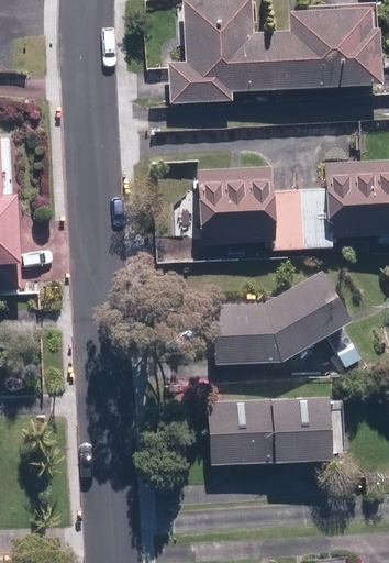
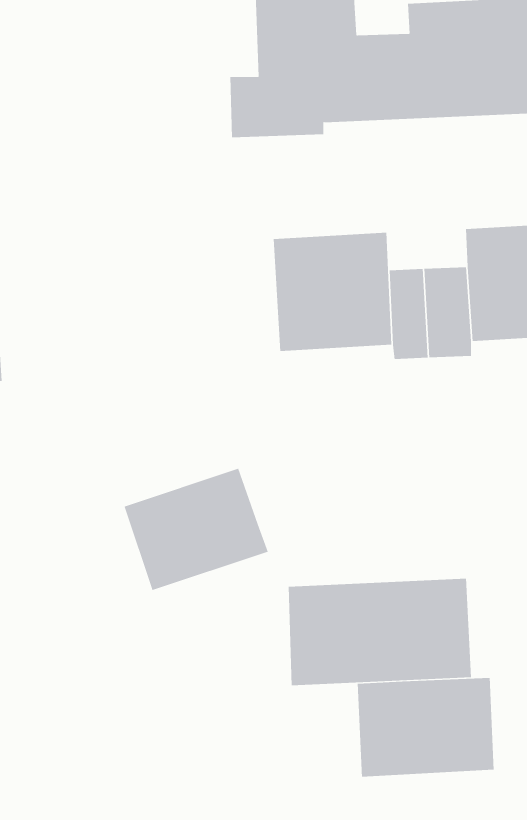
building: [214,271,349,364] -> none
building: none -> [124,468,268,591]
building: none -> [357,677,494,777]

